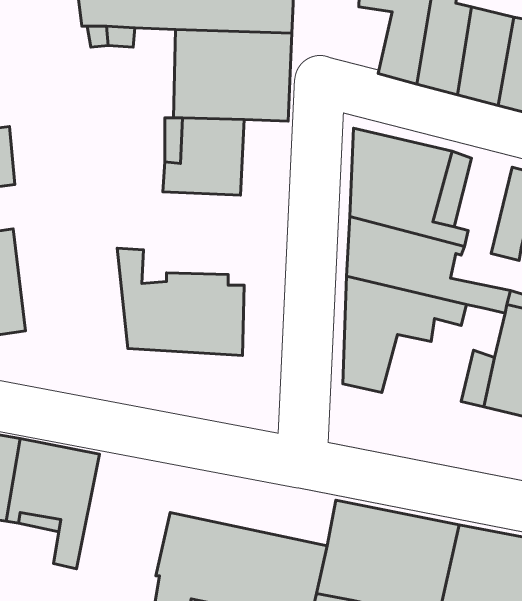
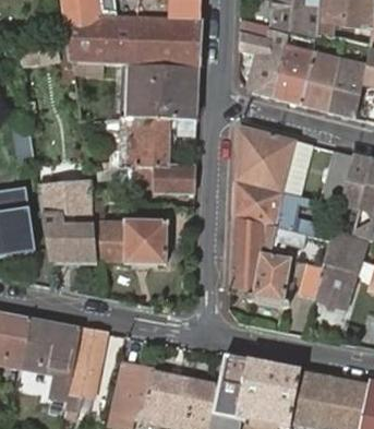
building: none -> [99,164,194,193]
building: none -> [38,183,97,264]
building: none -> [253,252,293,300]
building: none -> [64,326,105,408]

